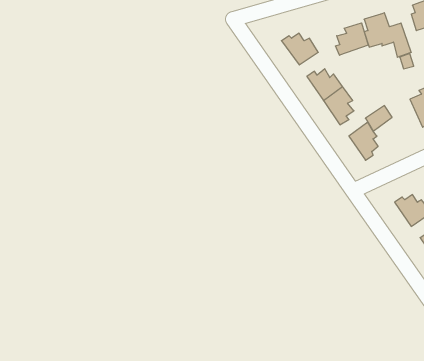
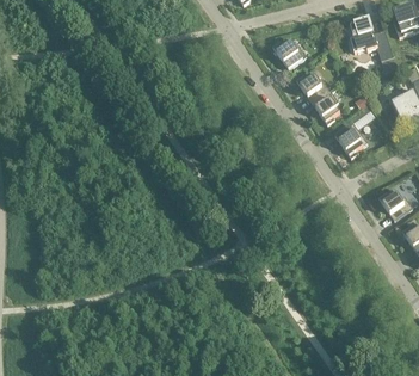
building: [335,23,368,55] -> none

